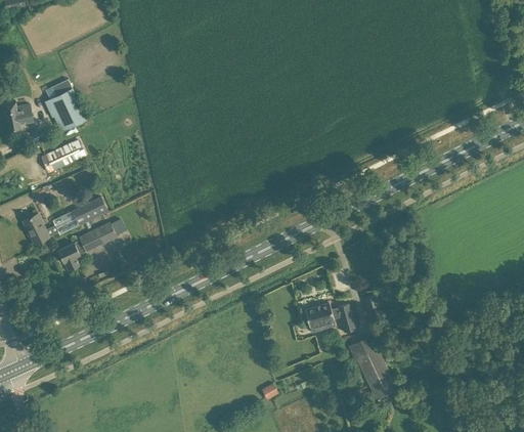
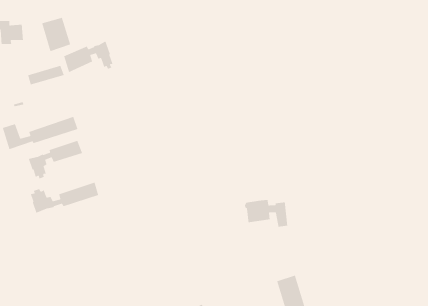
building: none -> [63,40,114,73]
building: none -> [30,182,99,214]
building: [303,302,355,332] -> [244,199,288,227]

